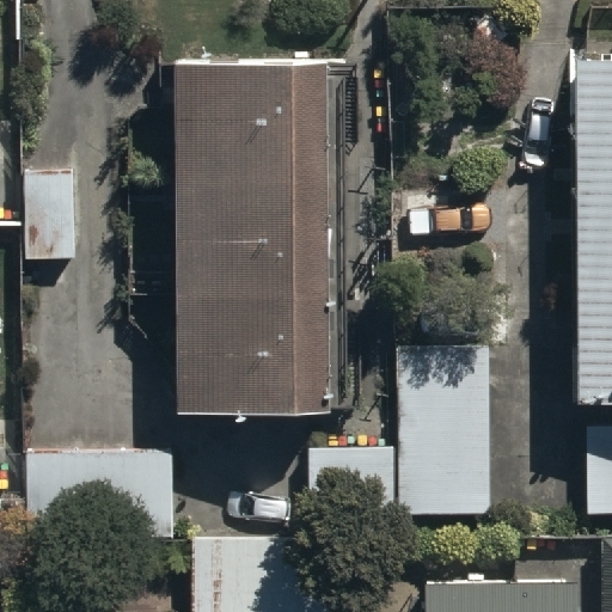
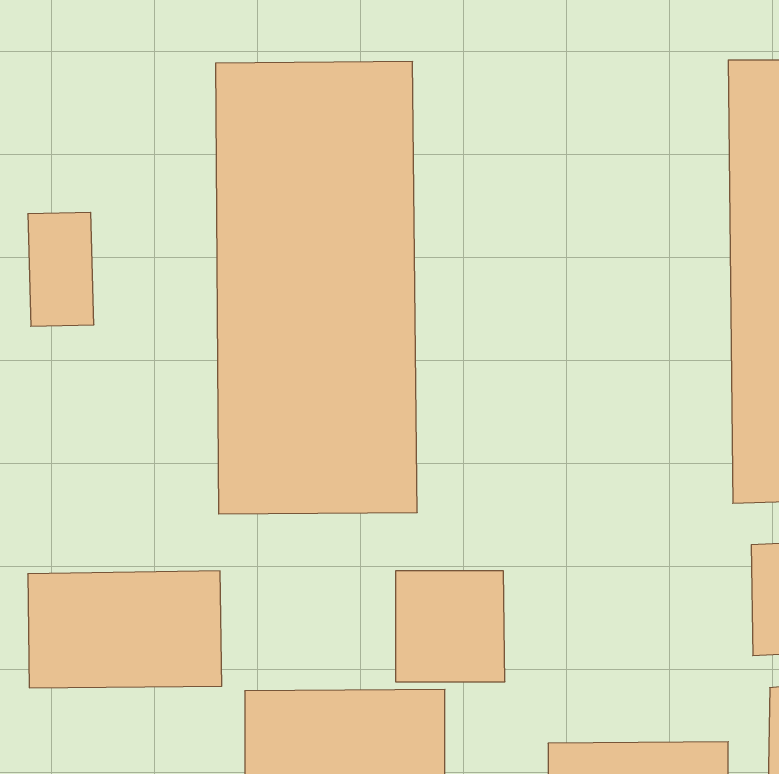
building: [404,349,496,518] -> none

